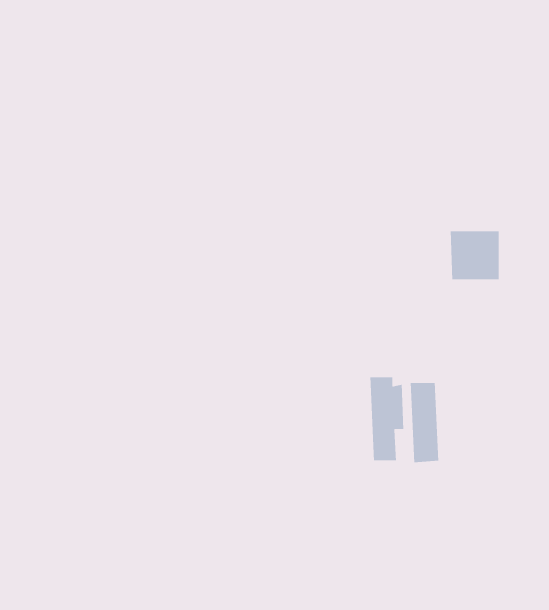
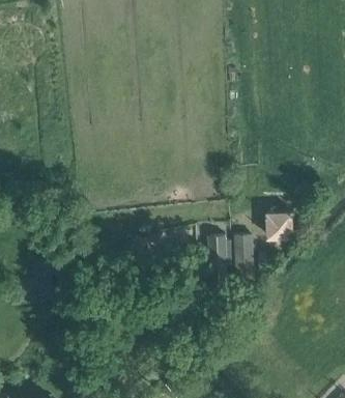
building: [450,230,499,280] -> [265,210,293,238]

